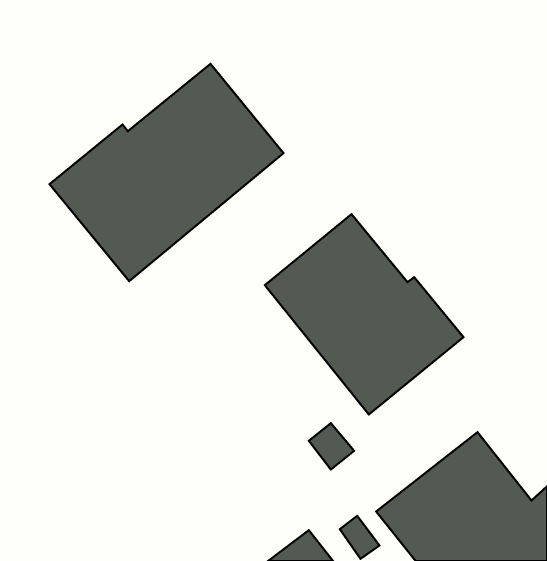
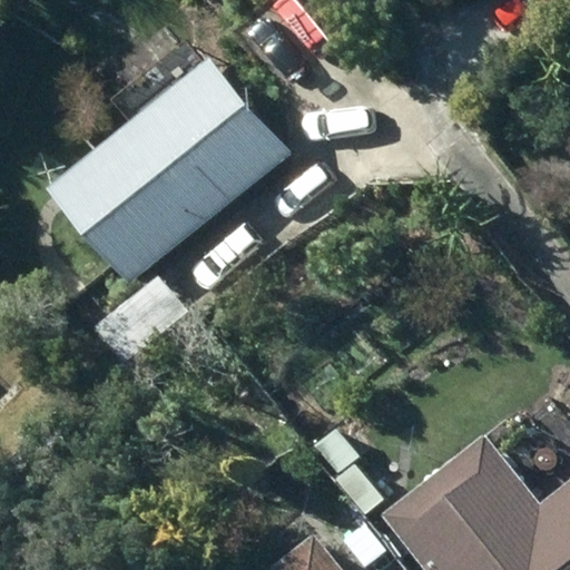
building: [265,214,463,414] -> none

